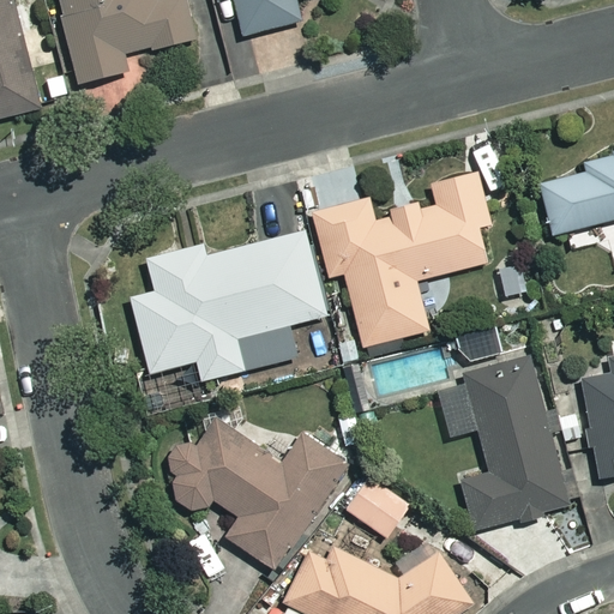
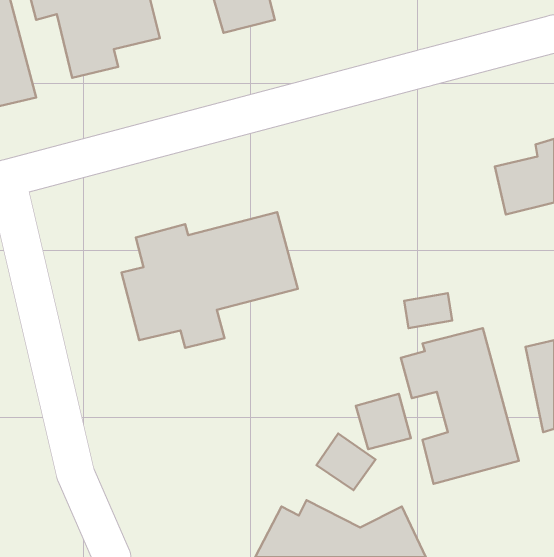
building: [314,174,492,347] -> none
building: [163,404,351,573] -> none
building: none -> [356,394,411,449]

